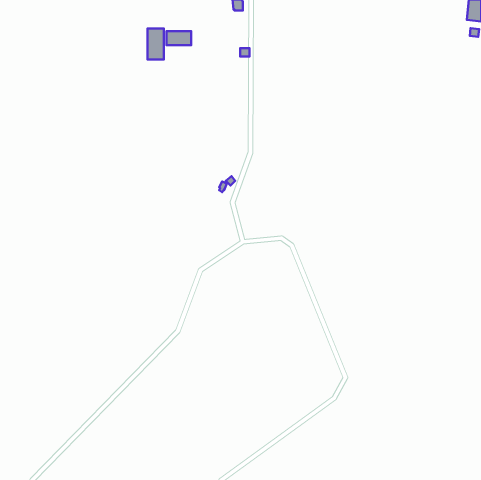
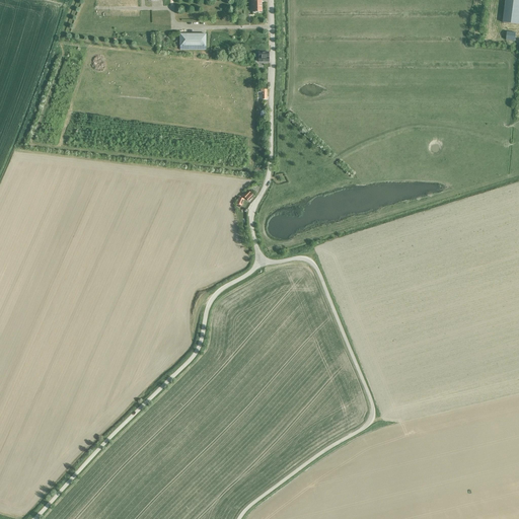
building: [148,29,164,59] -> none

